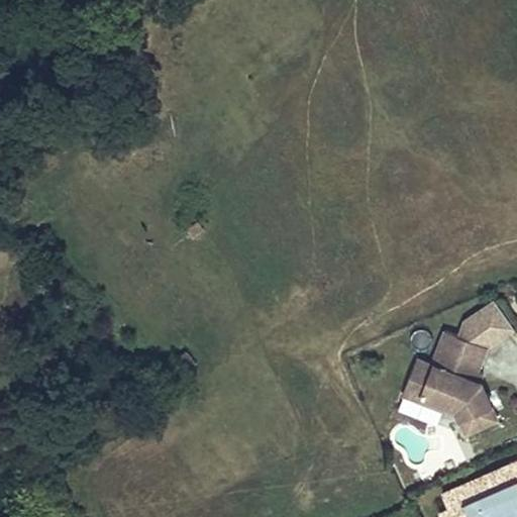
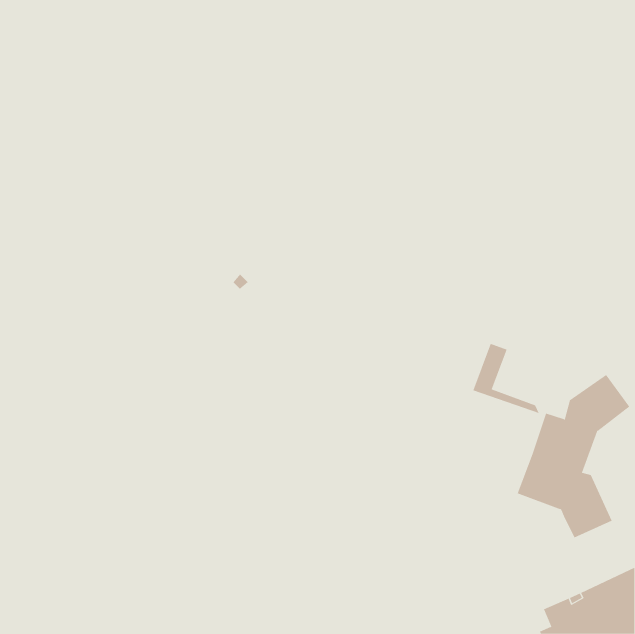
building: [404,364,458,421] -> [473,343,540,414]

